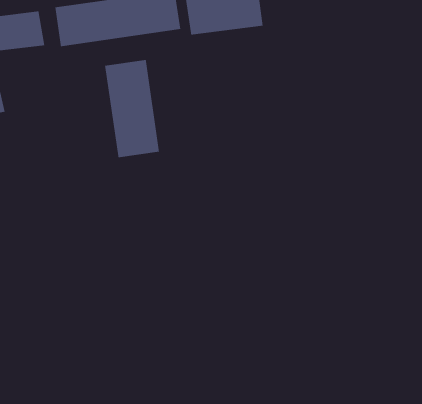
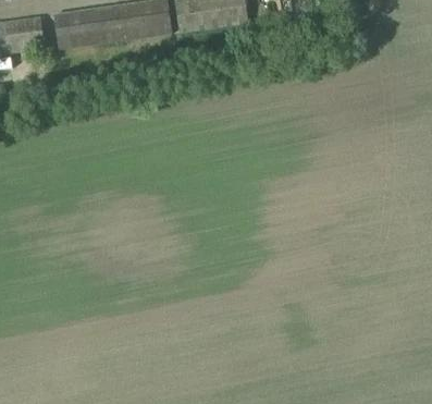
building: [105,59,160,158] -> none

